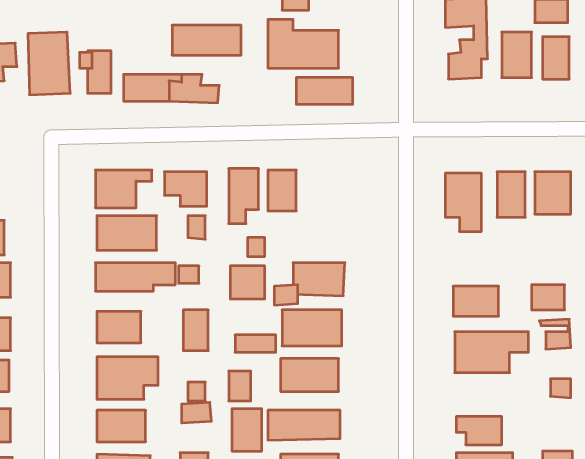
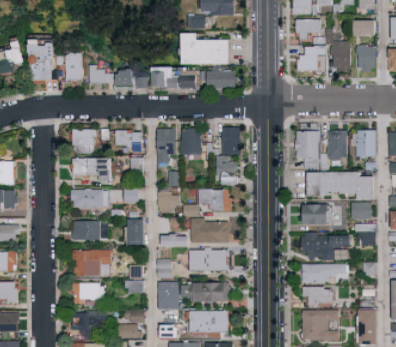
building: [172,25,241,55] -> [151,68,195,87]
building: none -> [216,127,240,184]
building: none -> [306,172,373,199]
building: none -> [301,264,347,282]

